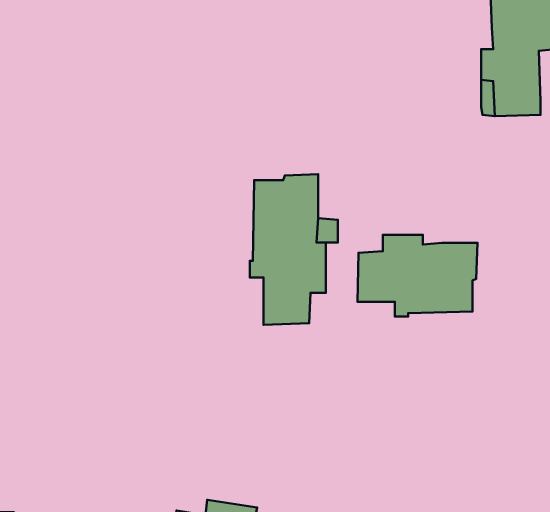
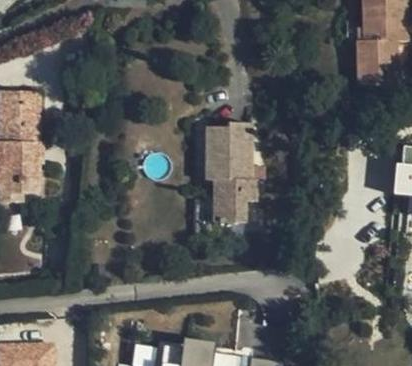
building: [357,235,477,316] -> none

